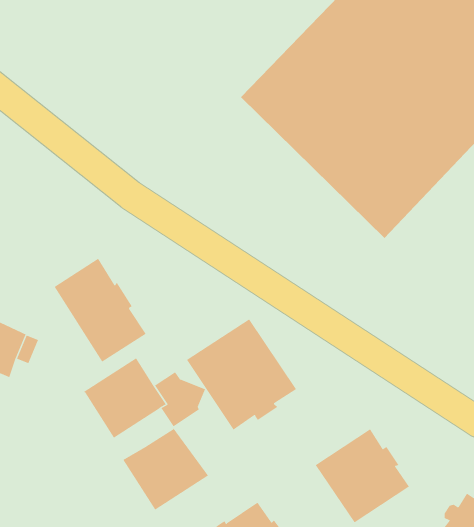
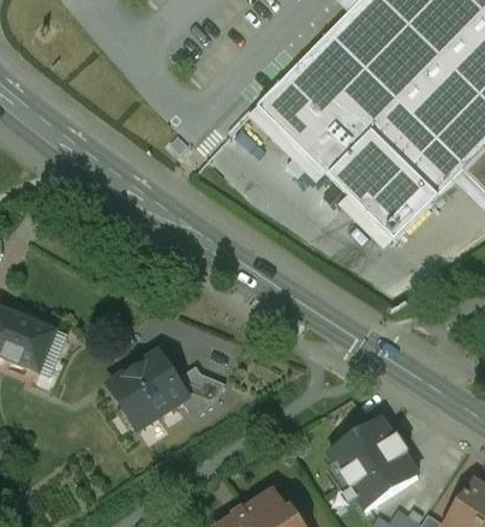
building: [54,258,146,363] -> none
building: [186,318,297,431] -> none
building: [122,427,209,510] -> none

